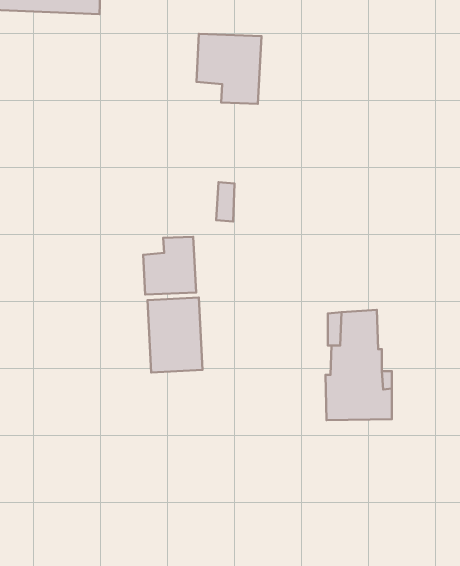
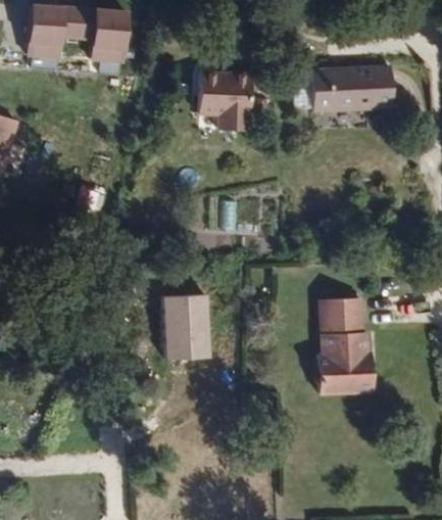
building: none -> [314,61,396,105]
building: [143,237,196,294] -> none

